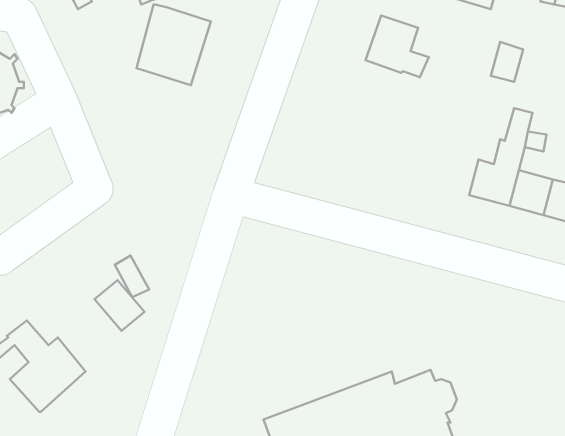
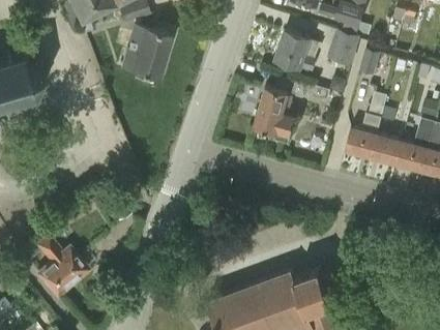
building: none -> [326,29,360,65]
building: none -> [254,77,330,142]
building: [95,280,144,331] -> none

